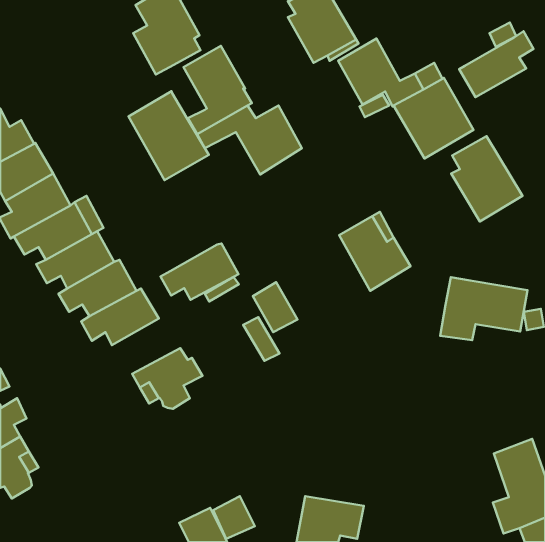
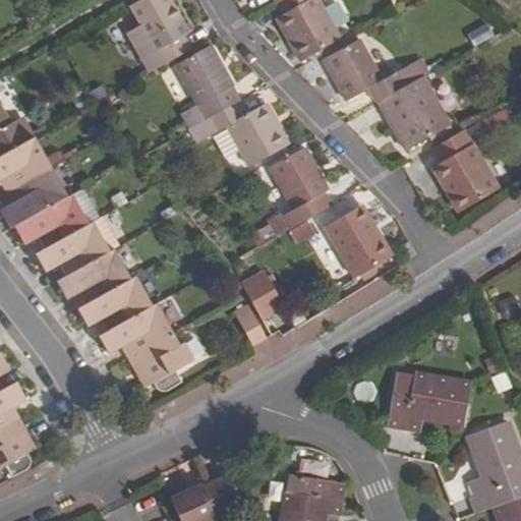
building: [459,31,534,97] -> none
building: [128,91,209,180] -> none
building: none -> [269,146,331,227]
building: [161,243,238,300] -> [98,303,172,357]
building: [440,277,528,340] -> [389,369,472,429]

